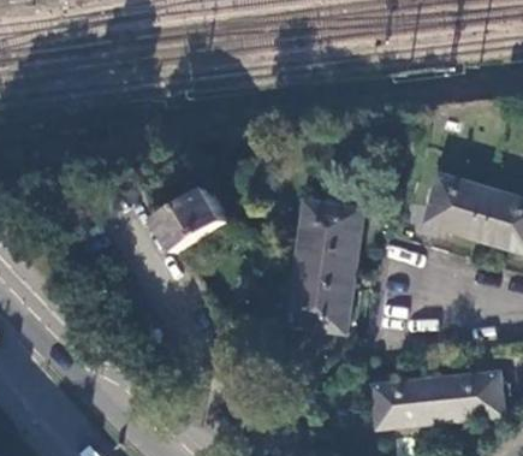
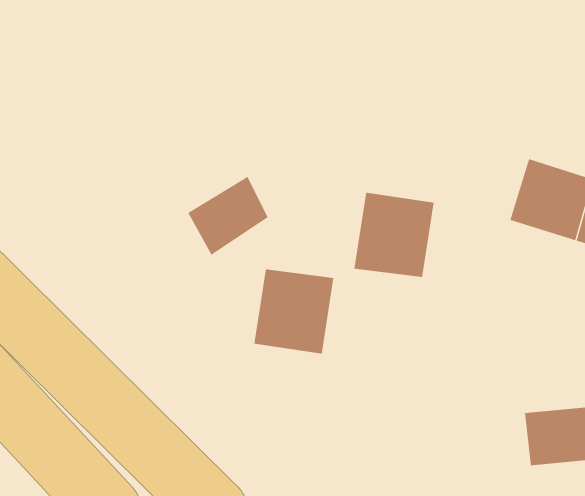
building: [286,260,352,330] -> [253,269,334,354]
building: [372,378,440,427] -> none

